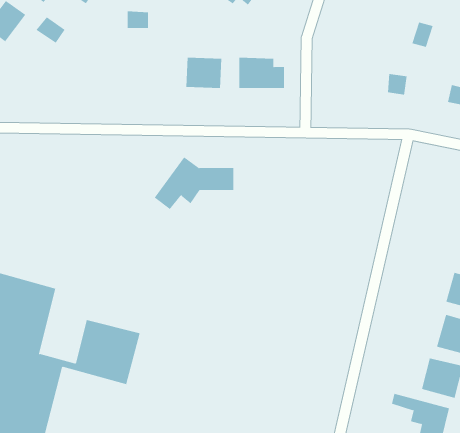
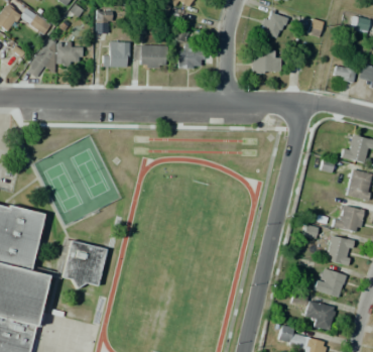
building: none -> [261,11,287,38]
building: none -> [103,41,127,67]
building: none -> [252,49,282,74]
building: [154,157,234,210] -> [26,38,86,78]

